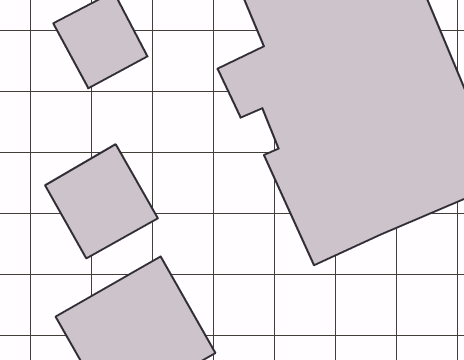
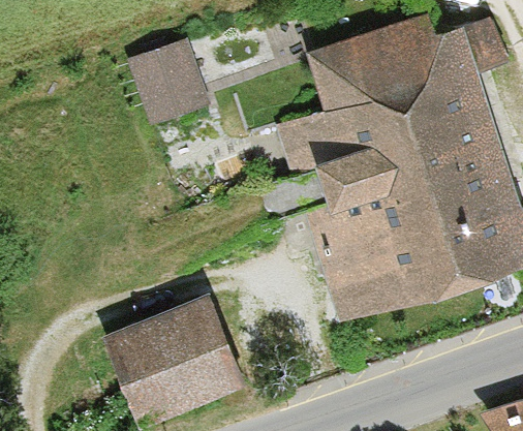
building: [45,144,158,258] -> none

